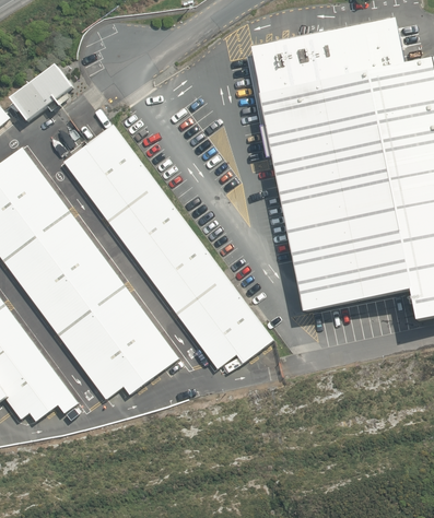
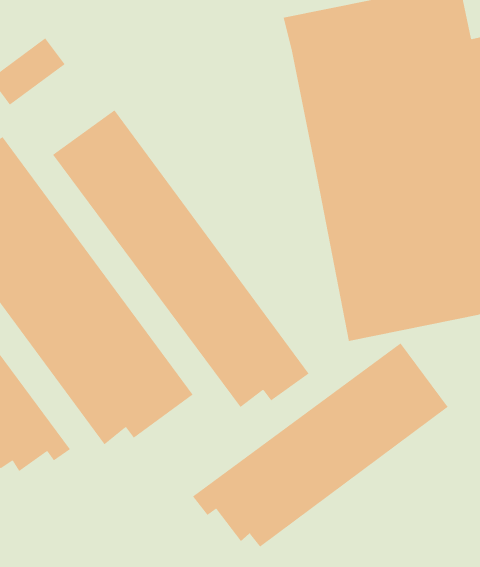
building: none -> [192,343,449,547]

